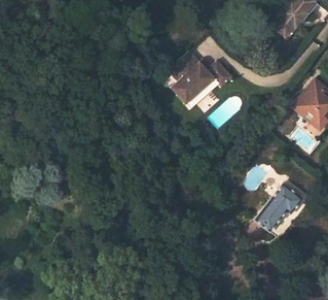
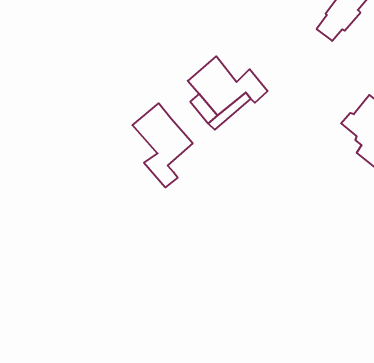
building: none -> [132,103,193,187]
building: [255,182,303,231] -> none

